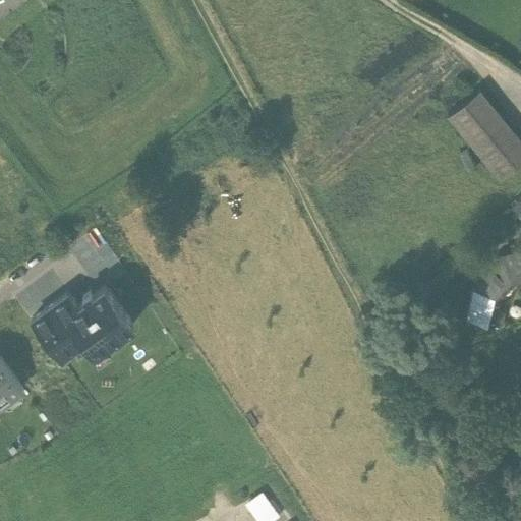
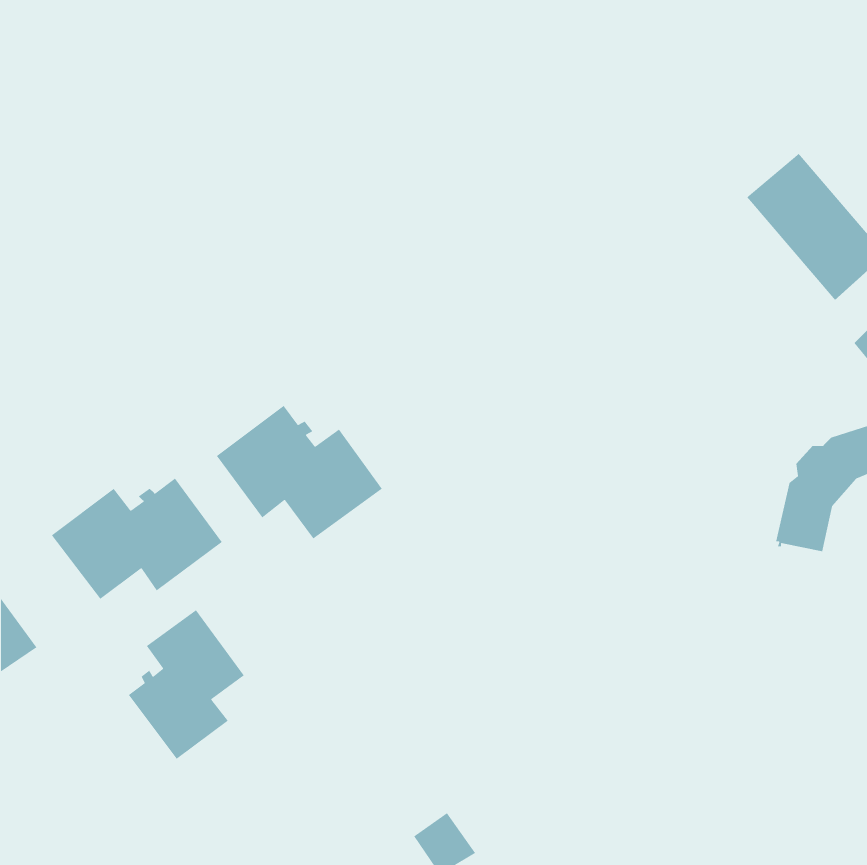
building: none -> [216,405,383,539]
building: none -> [128,609,245,760]

